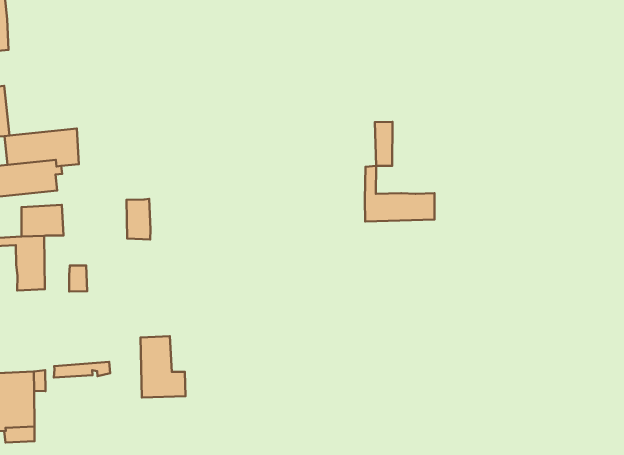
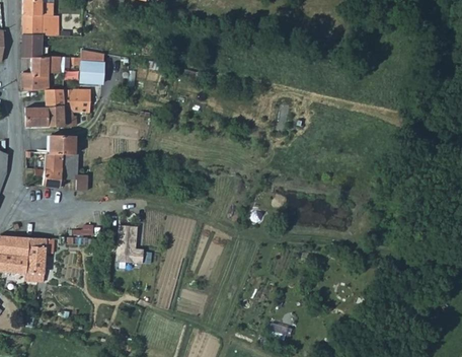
building: none -> [79,60,105,83]
building: [365,166,435,221] -> none
building: [126,199,151,239] -> [62,153,78,180]

